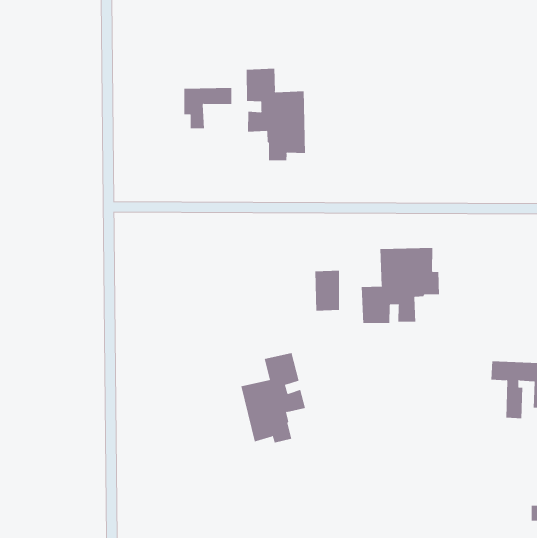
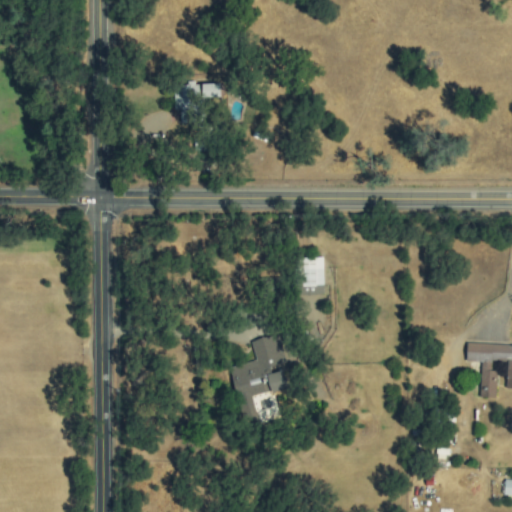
building: [246,68,306,161] -> none
building: [361,247,440,324] -> none

